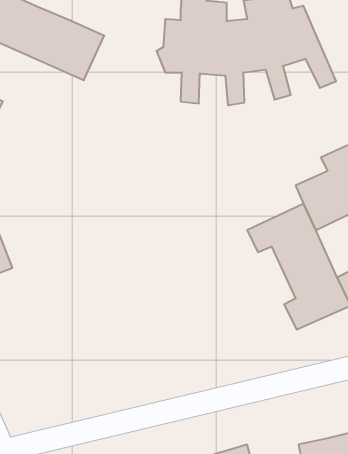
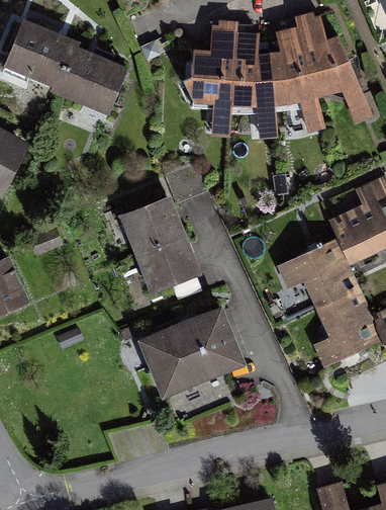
building: none -> [120,199,203,298]
building: none -> [139,312,245,403]

